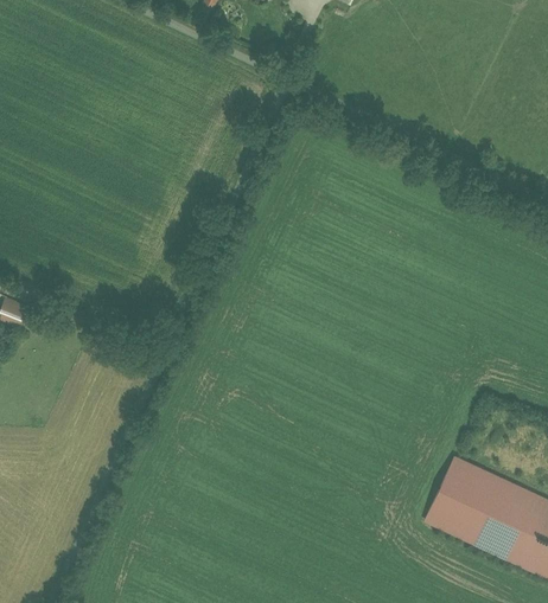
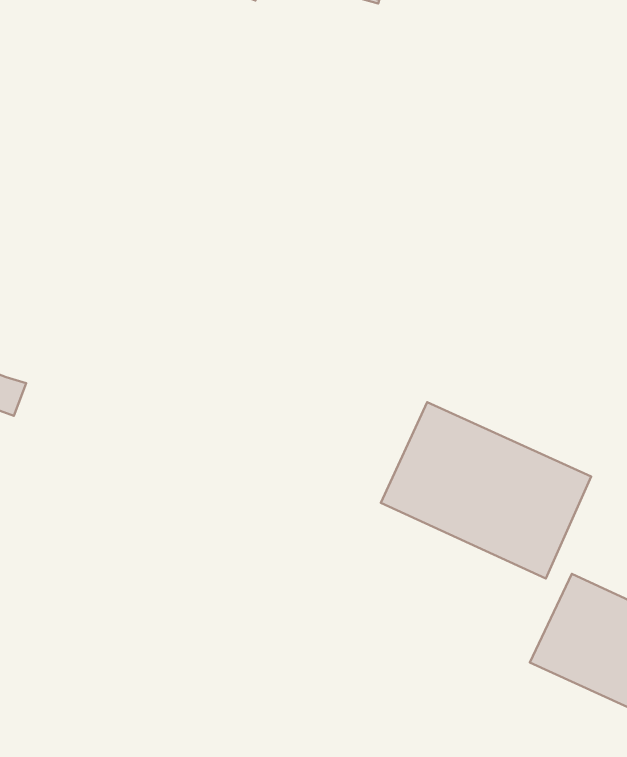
building: none -> [381,402,591,578]

